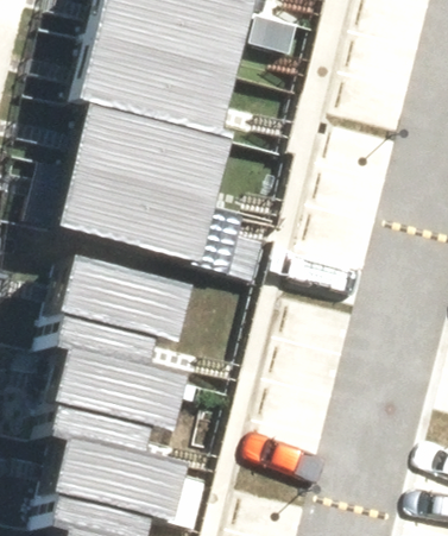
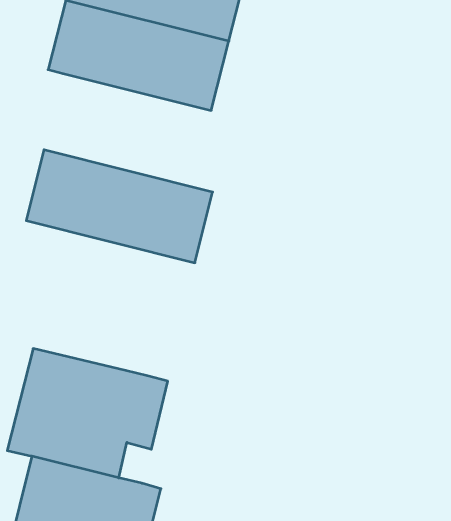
building: [74,97,238,201] -> none
building: [45,248,184,357] -> none

